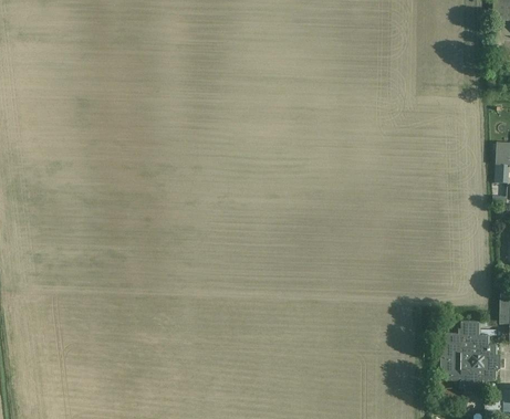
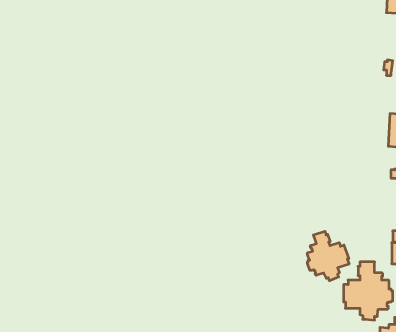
building: none -> [307,231,349,281]

